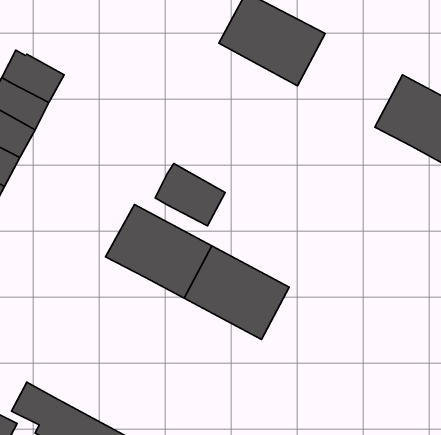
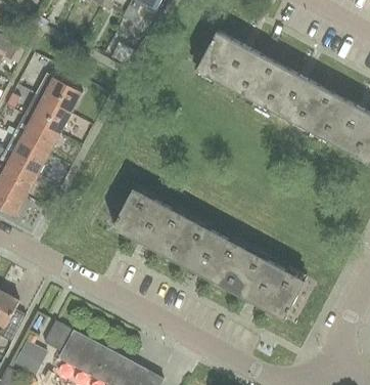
building: none -> [255,61,332,131]
building: [155,163,225,226] -> none
building: none -> [228,250,307,319]

